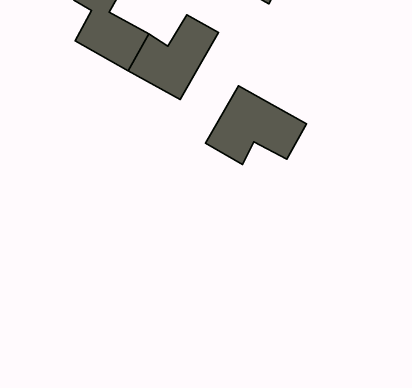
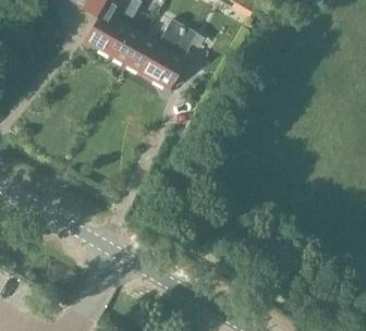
building: [206,86,307,165] -> none

